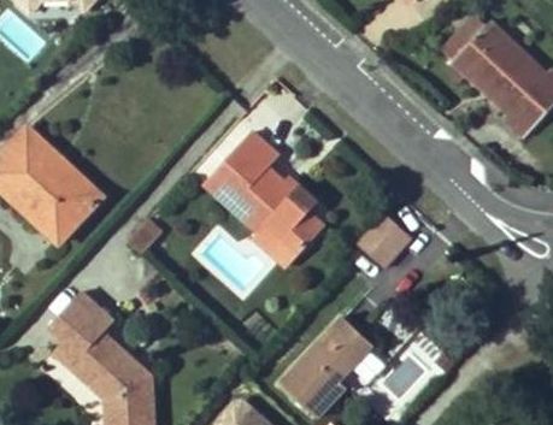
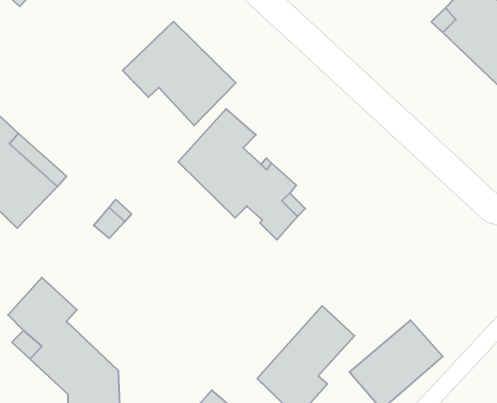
building: none -> [123,22,236,126]
building: [355,212,407,262] -> none

